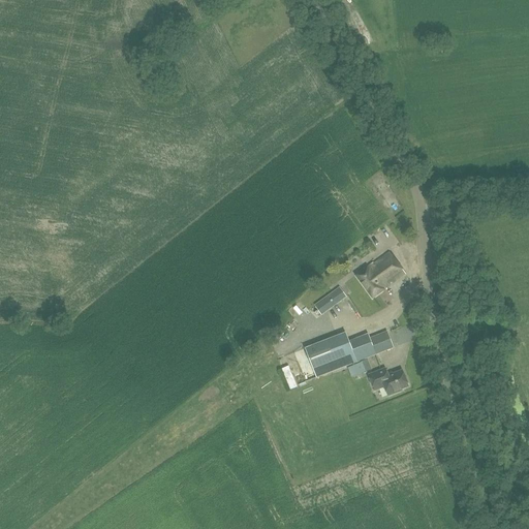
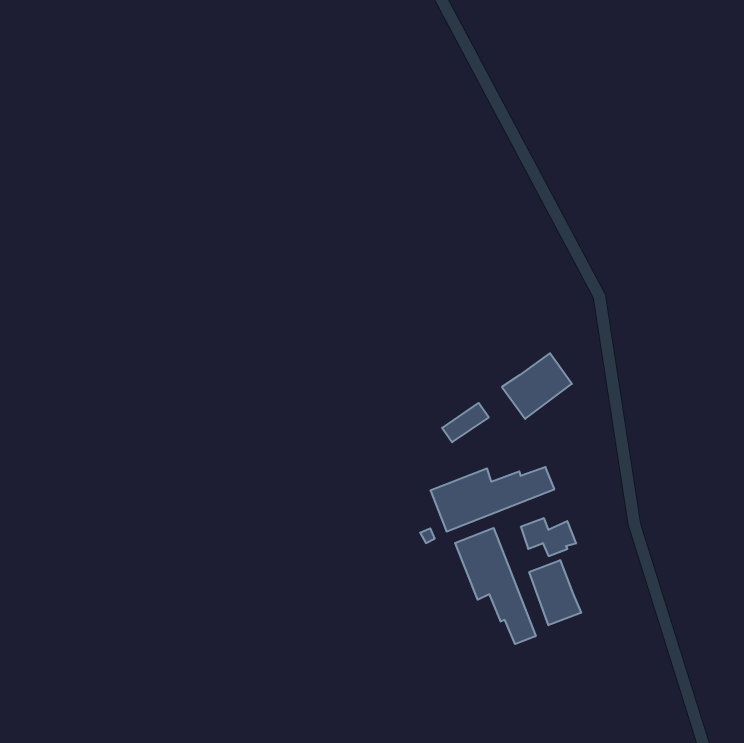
building: none -> [455,528,536,644]
building: none -> [529,560,581,625]

